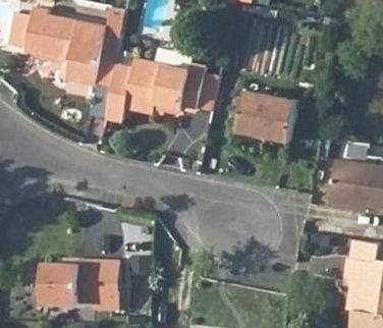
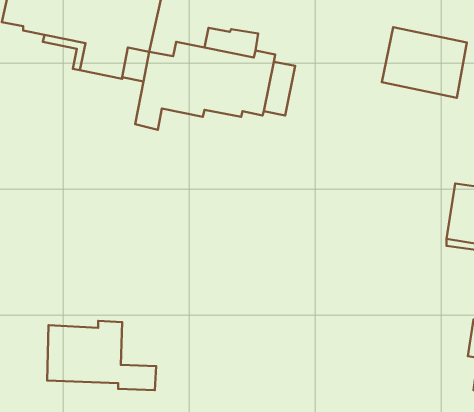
building: [236,90,297,141] -> [382,27,467,98]
building: [94,260,120,291] -> none

